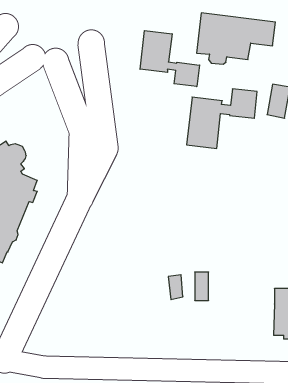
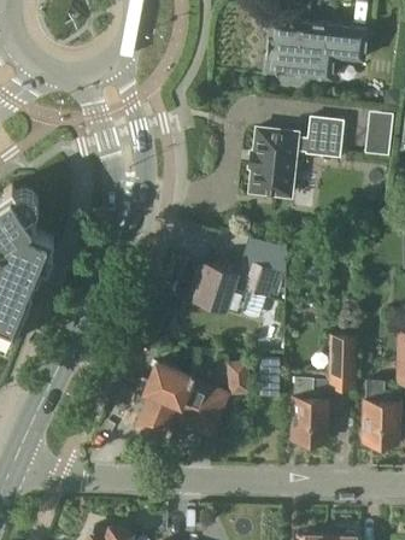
building: [140,31,200,87] -> none
building: none -> [189,242,287,309]
building: none -> [293,335,357,445]
building: none -> [133,363,224,434]

